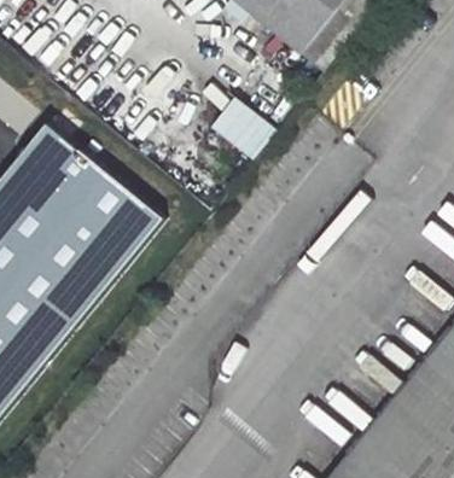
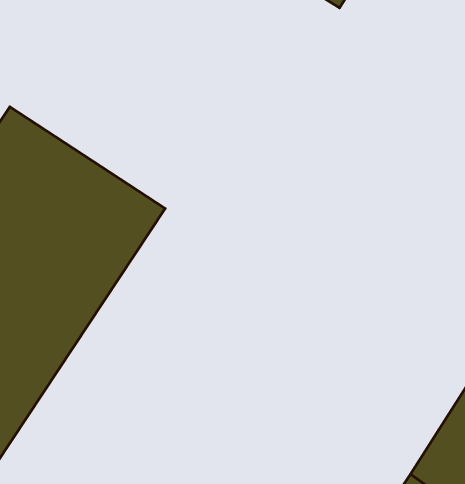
building: [206,91,270,155] -> none

